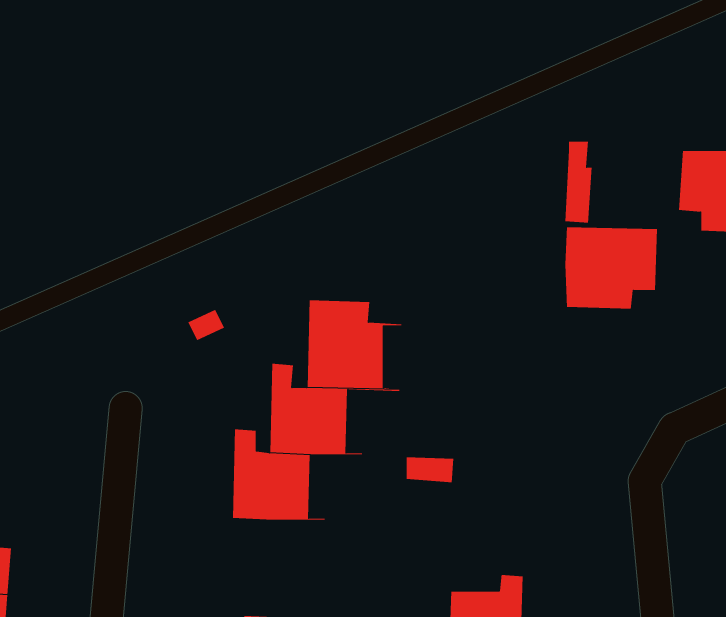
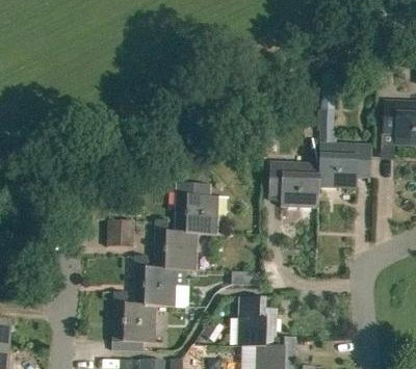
building: none -> [268,162,319,219]
building: none -> [107,220,134,247]
building: none -> [112,292,165,343]
building: none -> [226,298,277,346]

